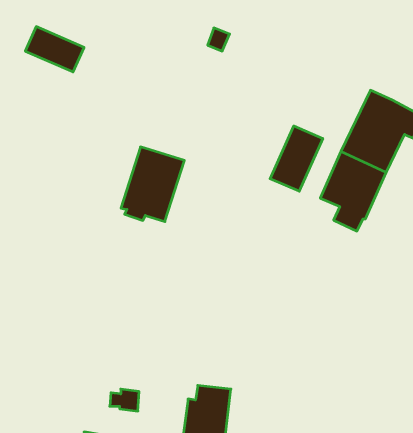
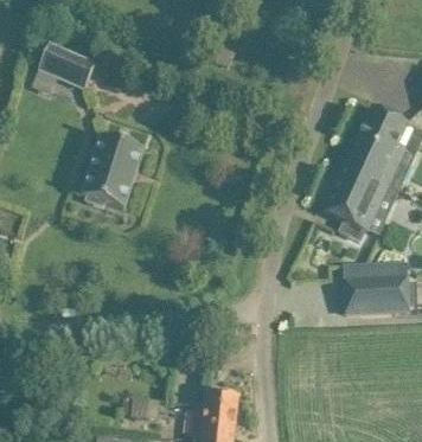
building: [270,126,323,191] -> none
building: [121,147,184,222] -> [82,136,143,209]
building: none -> [341,274,409,313]

